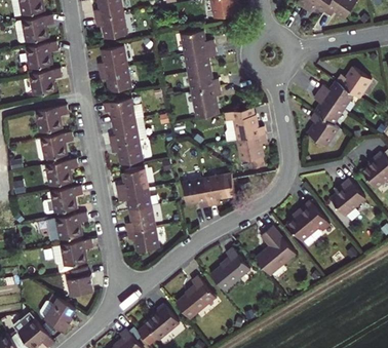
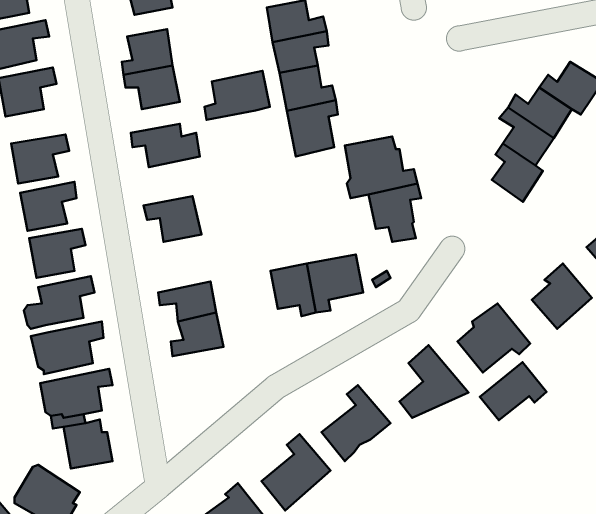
building: [110,119,147,147] -> [205,71,270,120]
building: [117,171,149,196] -> none
building: [127,227,159,252] -> none
building: none -> [480,362,547,420]

